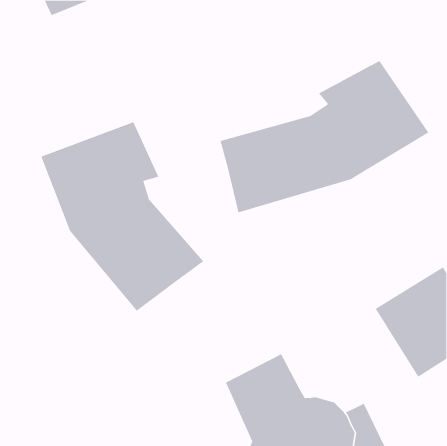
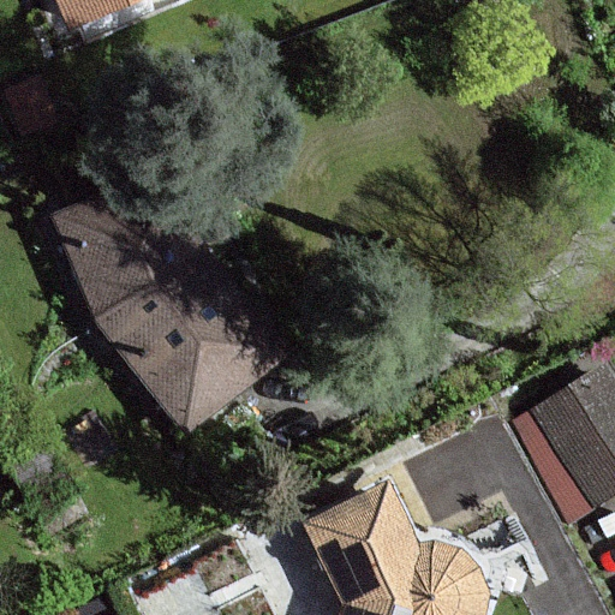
building: [220,60,429,213] -> none

